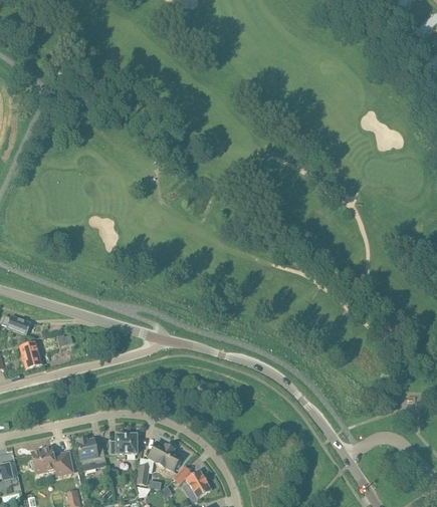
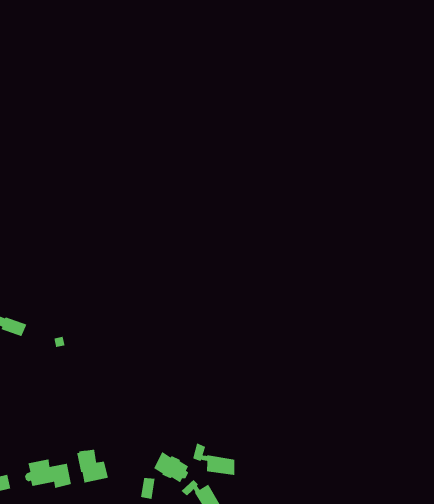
building: [19,341,43,368] -> none
building: none -> [192,442,235,476]
building: [108,432,138,458] -> none

